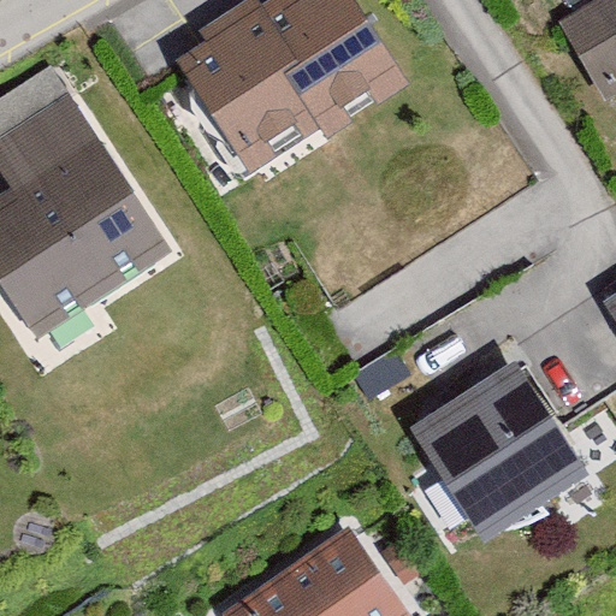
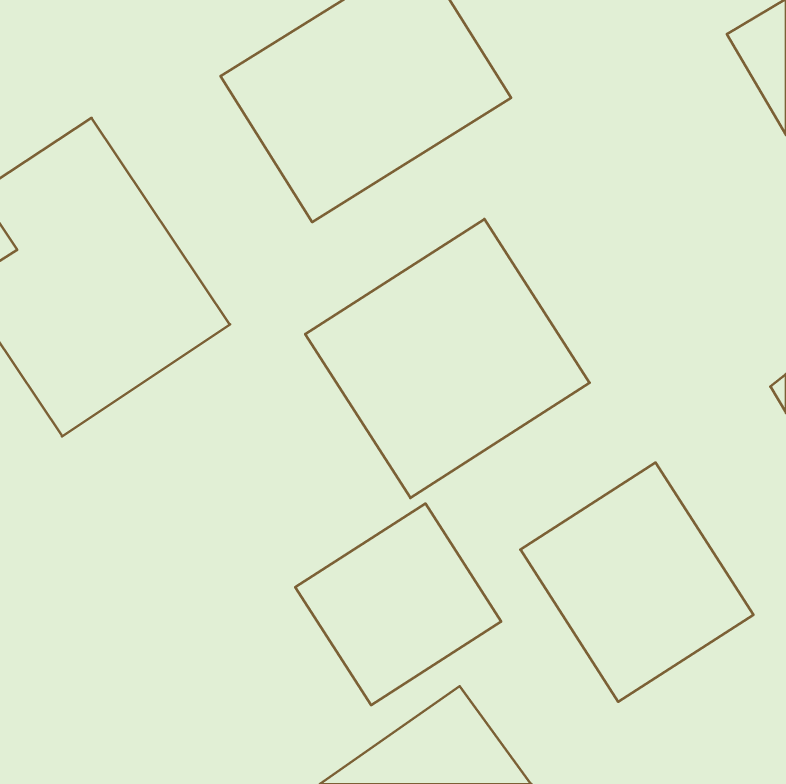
building: none -> [305,219,590,498]
building: none -> [295,504,501,705]

